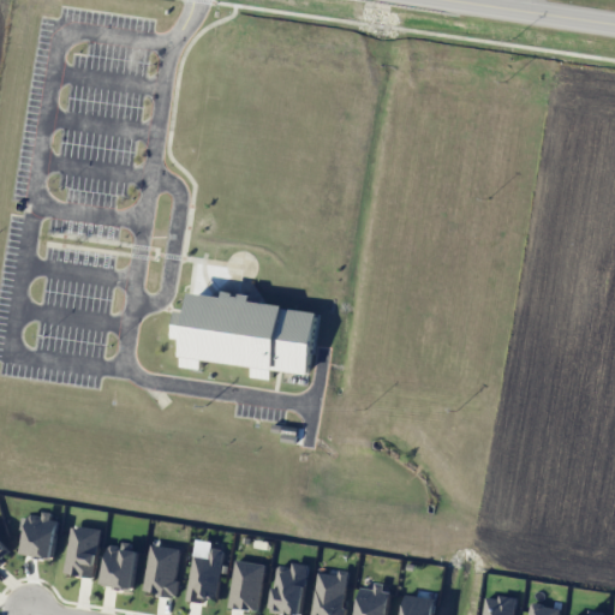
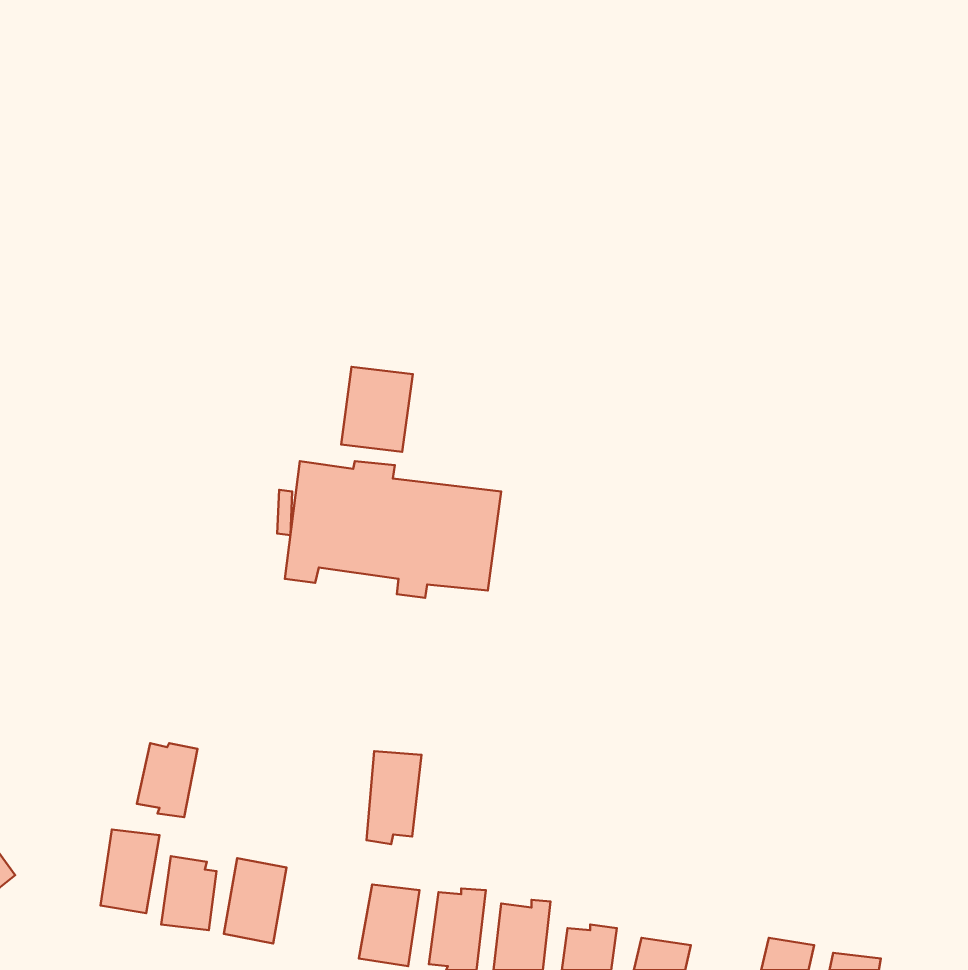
building: none -> [341,367,413,452]
building: [20,513,59,560] -> [137,743,198,817]
building: [189,544,223,603] -> [367,751,422,844]

